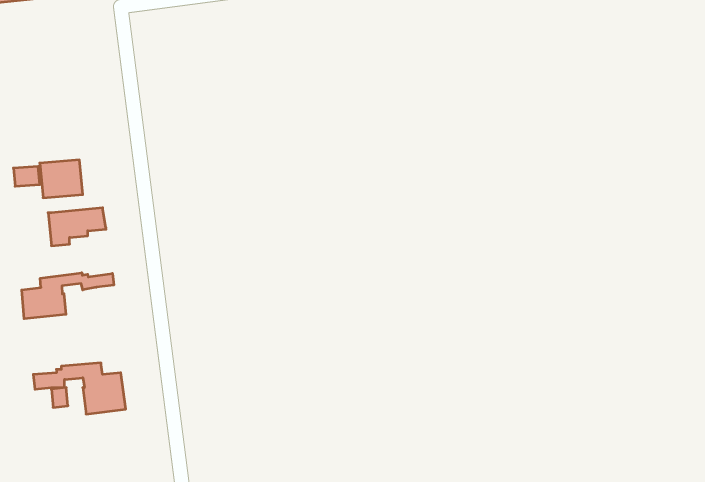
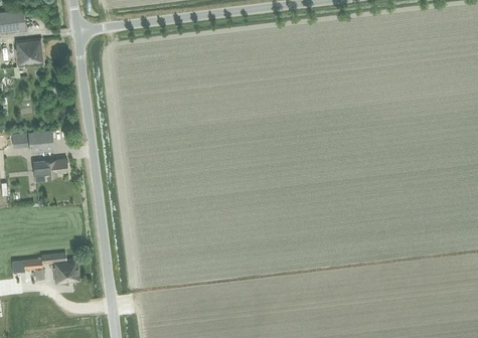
building: none -> [14,38,43,67]
building: [22,273,114,319] -> none

